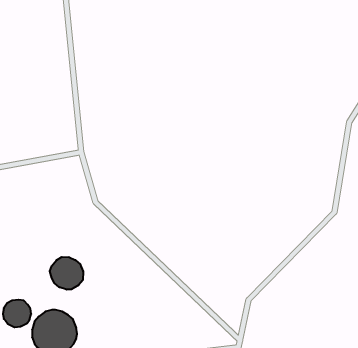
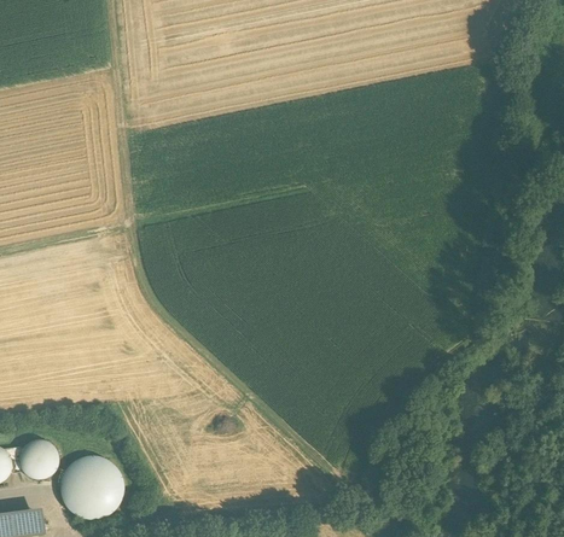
building: [50,257,83,290] -> none

